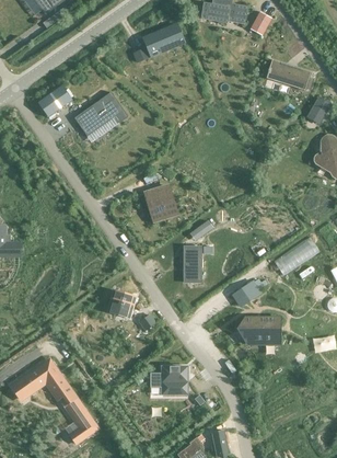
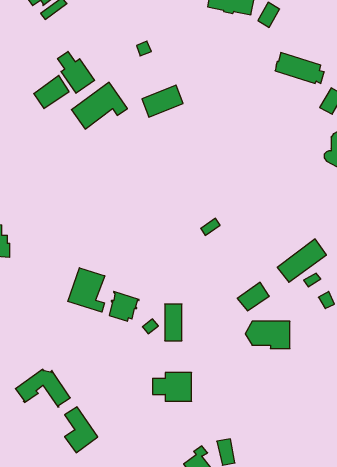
building: [144,25,184,56] -> [142,85,183,117]
building: none -> [58,51,95,93]
building: [146,187,177,219] -> none
building: [185,247,201,282] -> [165,304,182,341]
building: none -> [68,268,105,312]

